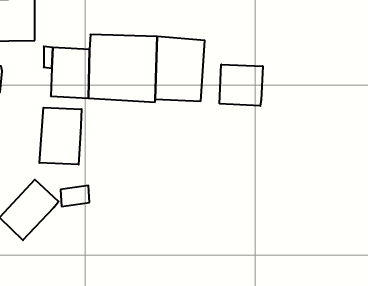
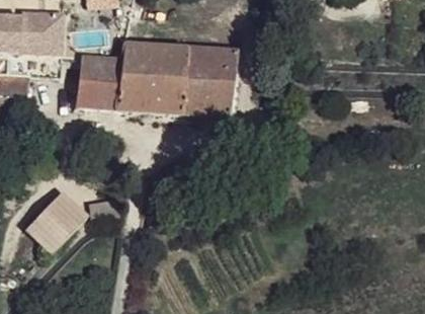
building: [220,64,263,106] -> none
building: [39,108,82,165] -> none

